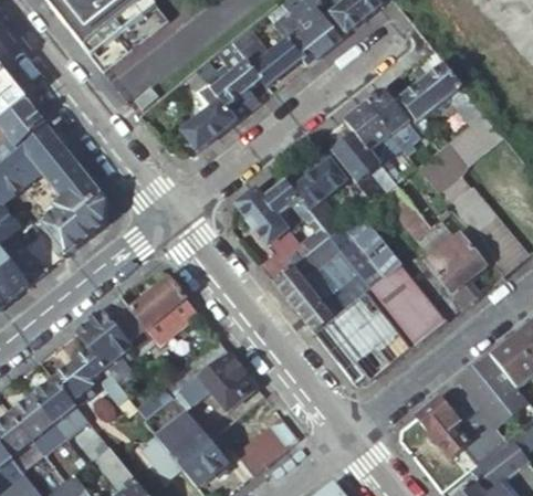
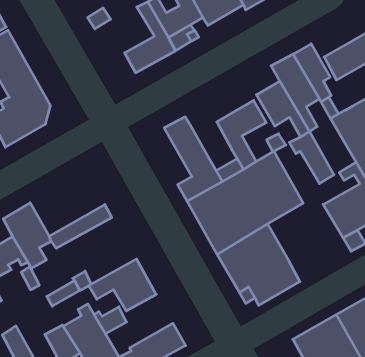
building: [263,180,314,228] -> none
building: [365,263,447,349] -> none
building: [102,277,184,342] -> none

